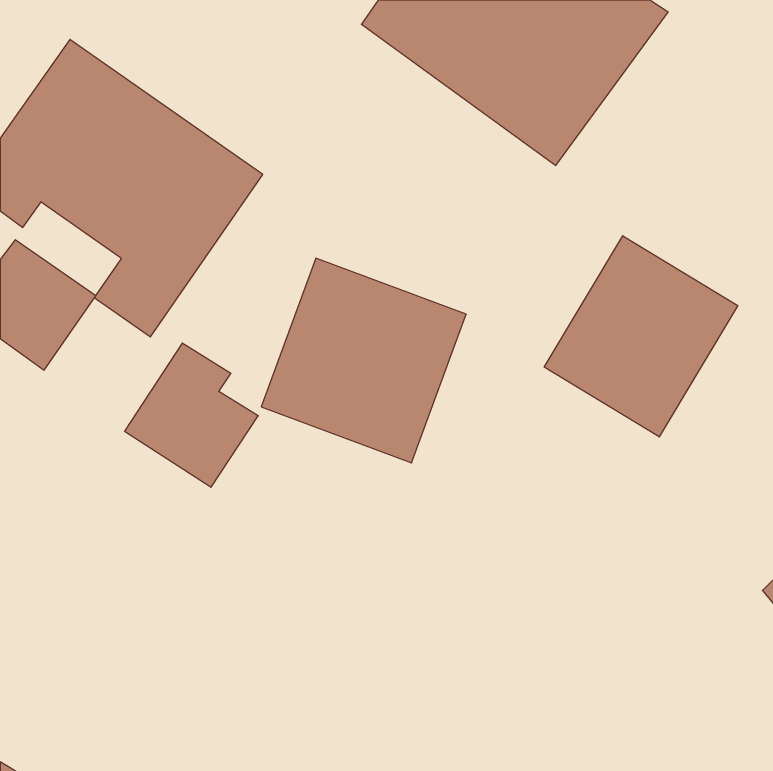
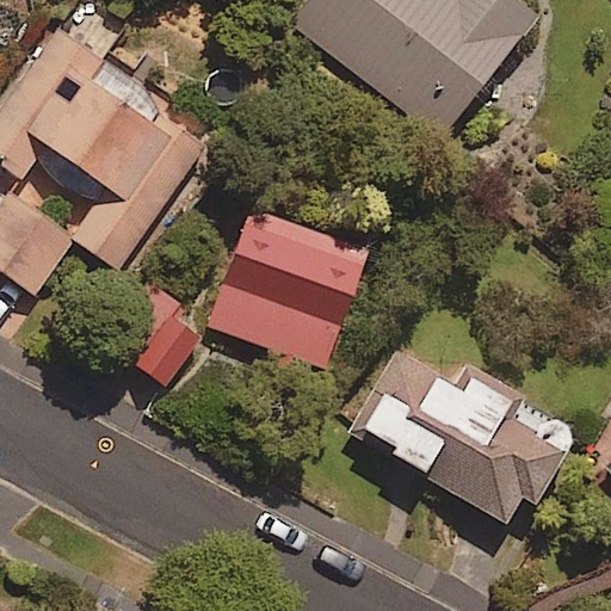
building: [544,236,738,437] -> none
building: none -> [346,350,567,531]

